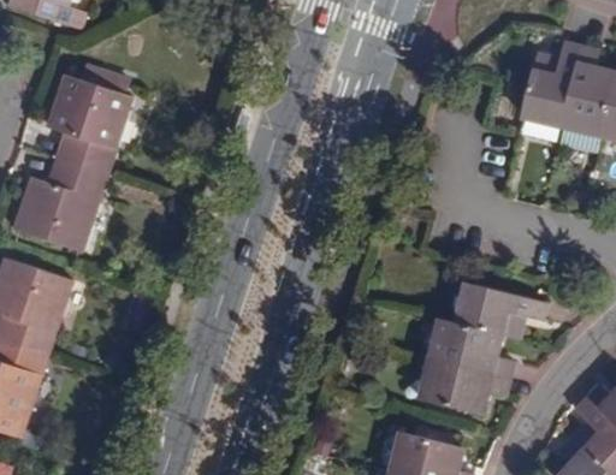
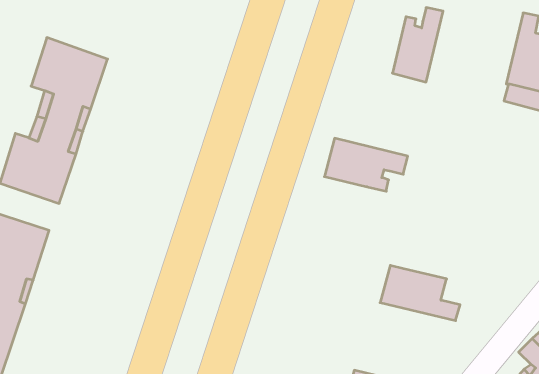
building: [525,43,579,123] -> [392,8,443,82]
building: [451,279,540,336] -> [324,138,408,191]
building: [416,356,507,414] -> none

